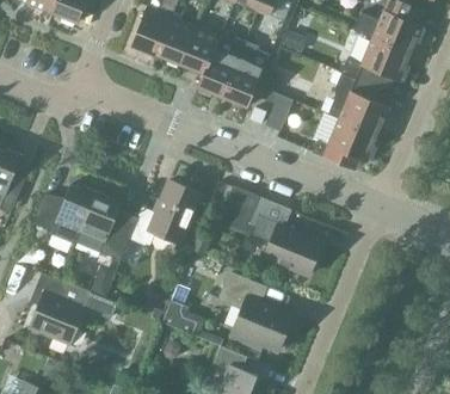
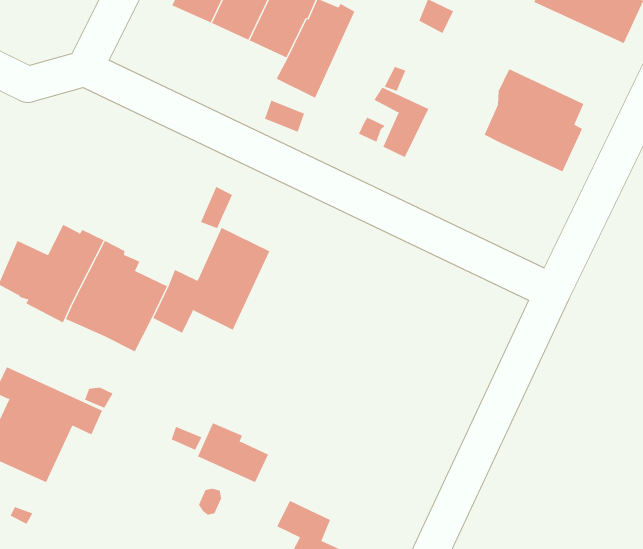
building: [340,38,411,92] -> none
building: [222,43,267,107] -> none
building: [310,119,377,171] -> none
building: [221,186,321,276] -> none
building: [218,273,291,350] -> none

